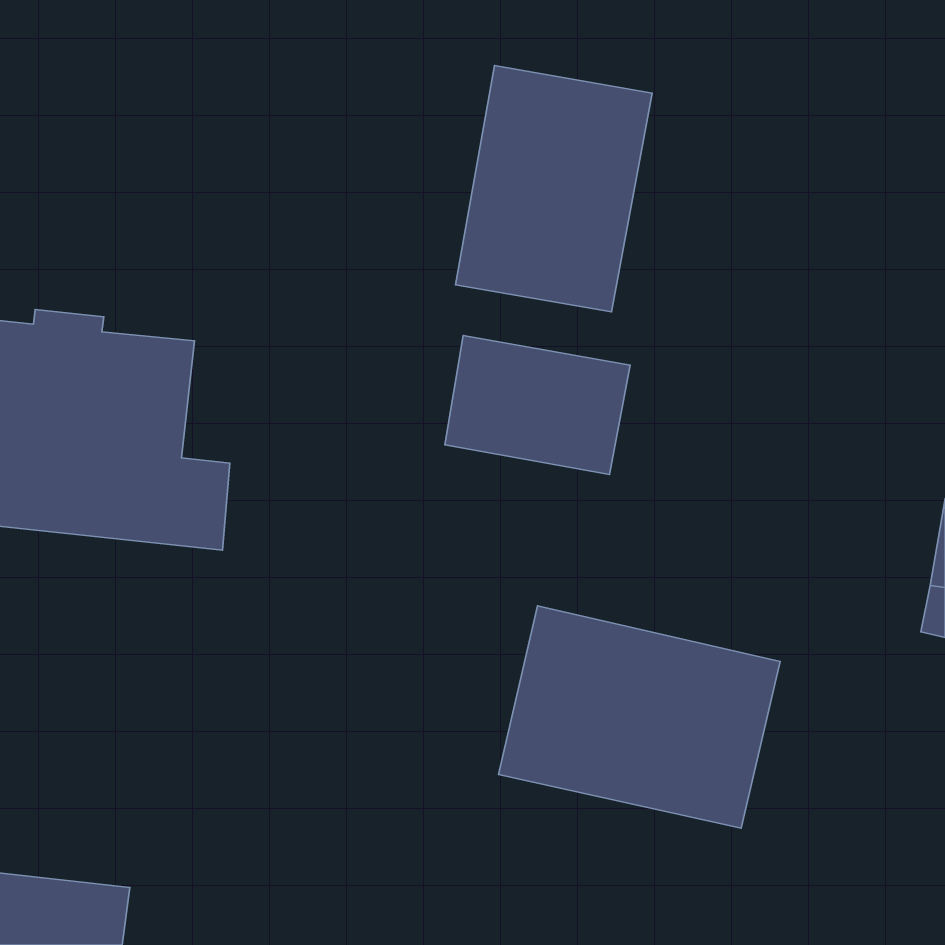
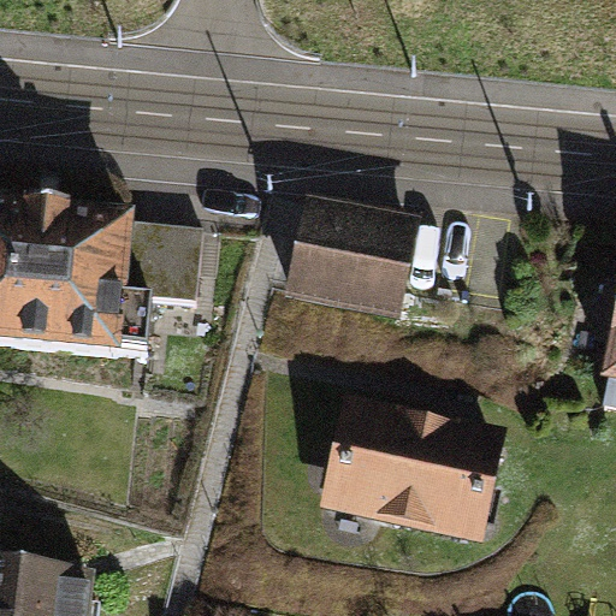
building: [455,65,652,312] -> none
building: none -> [118,221,199,304]

